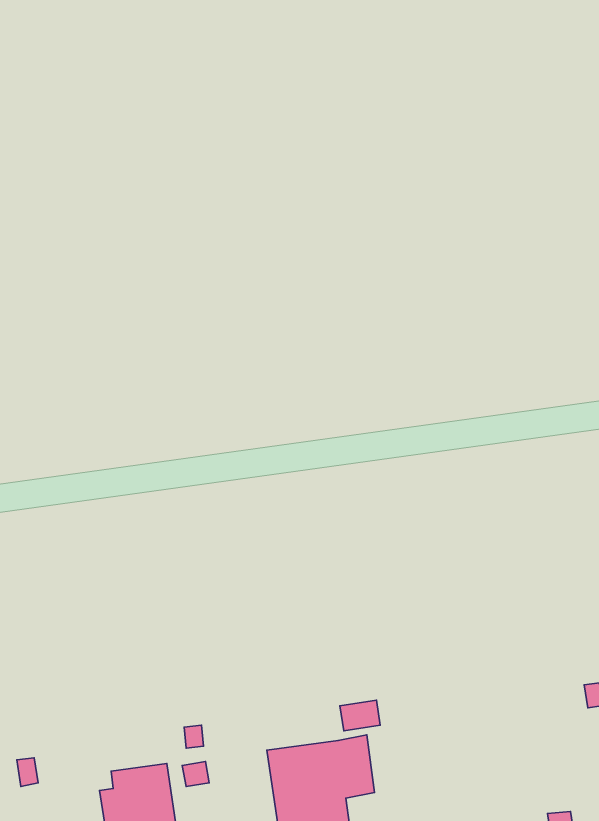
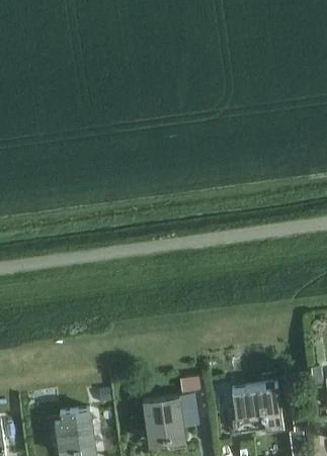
building: none -> [231,383,282,429]

